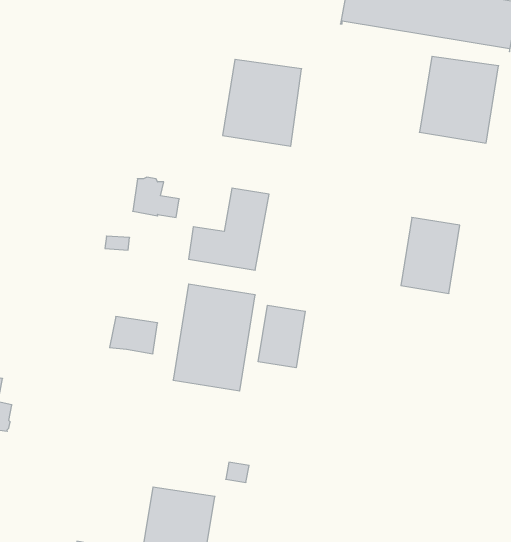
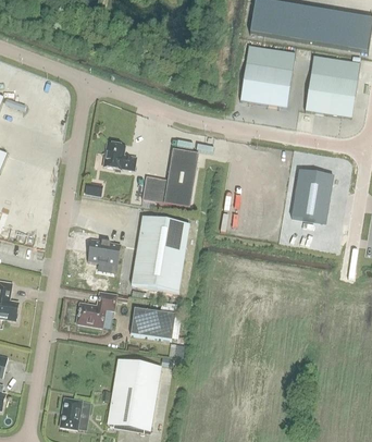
building: [223,59,302,146] -> [239,46,295,107]
building: [258,305,305,368] -> none
building: none -> [77,291,116,326]
building: none -> [131,307,175,339]

